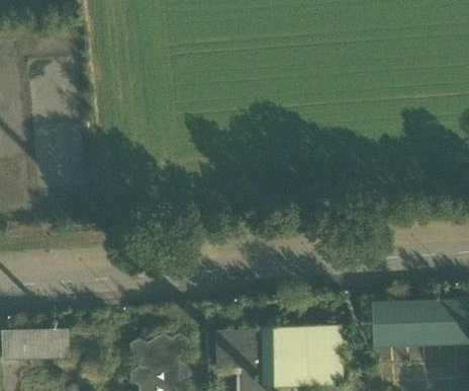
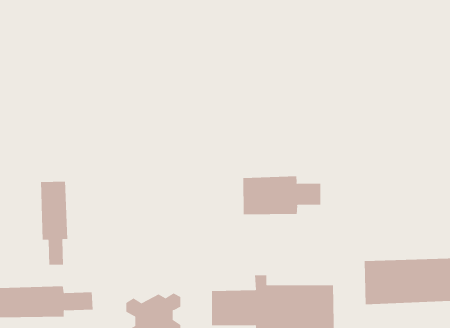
building: none -> [243,176,321,215]
building: none -> [40,181,68,265]

